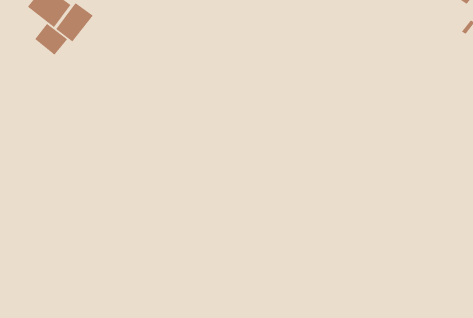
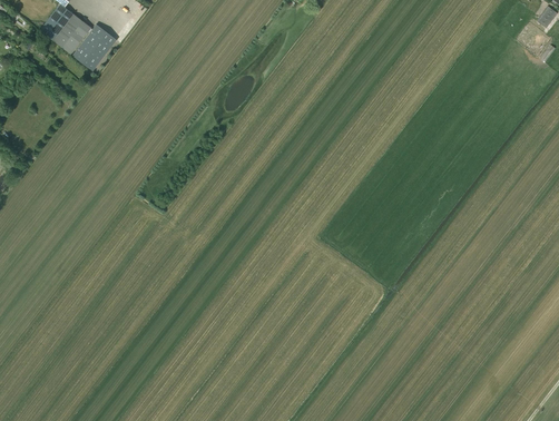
building: [34,23,68,56] -> none

